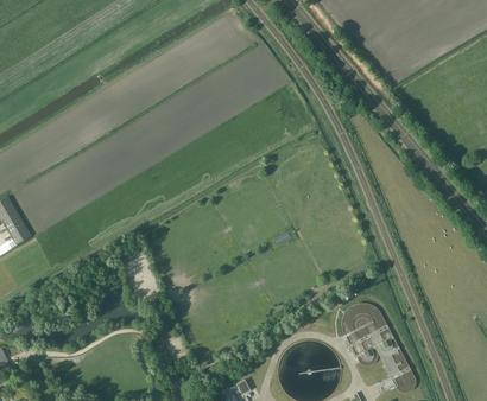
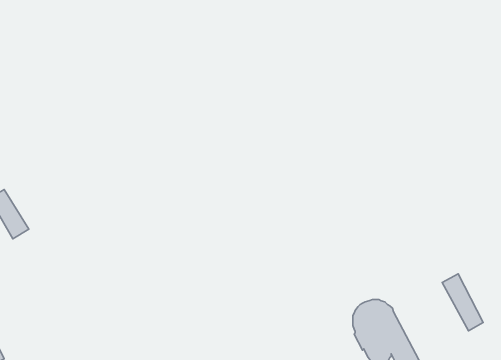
building: none -> [442,274,483,331]

